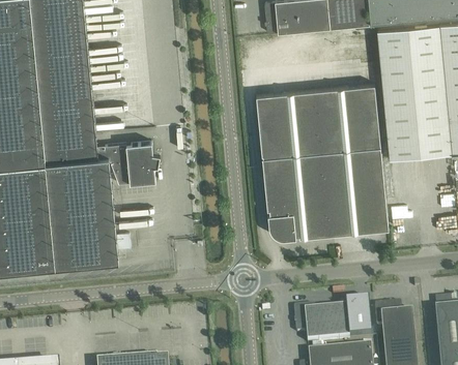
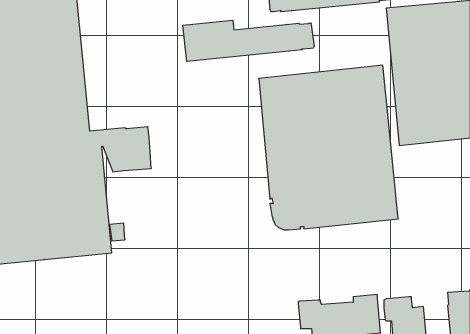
building: none -> [183,20,314,61]

